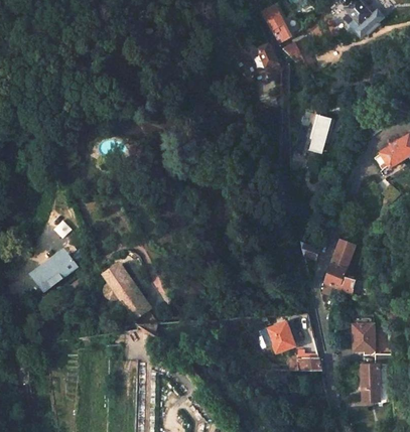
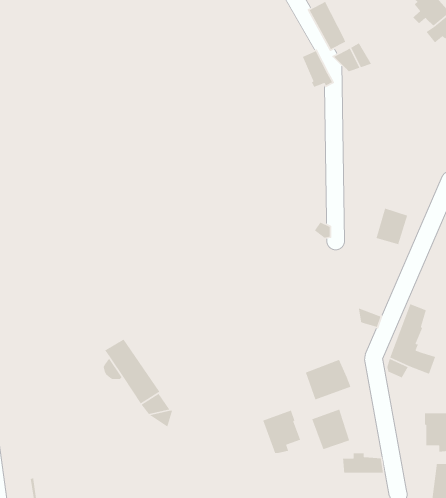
building: [309,113,334,142] -> [376,207,408,245]
building: [35,254,76,289] -> none
building: none -> [305,359,352,401]
building: none -> [262,409,301,454]

